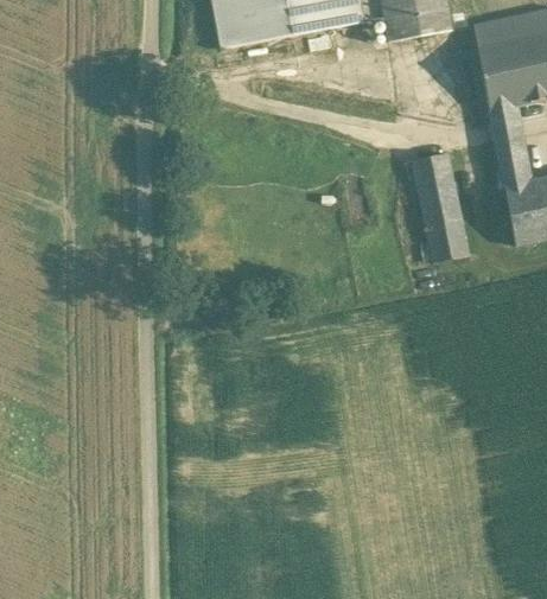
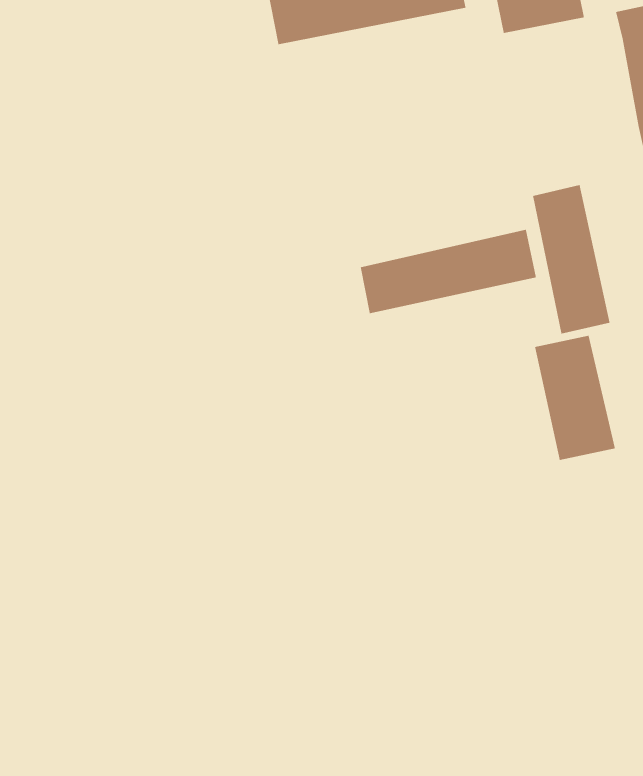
building: none -> [360,229,537,314]
building: none -> [534,335,616,461]

